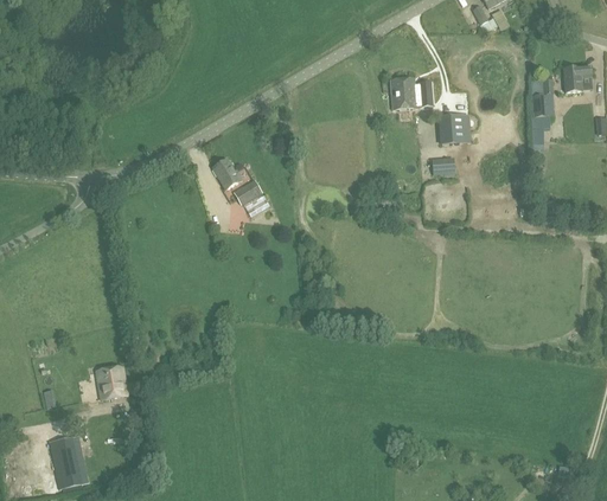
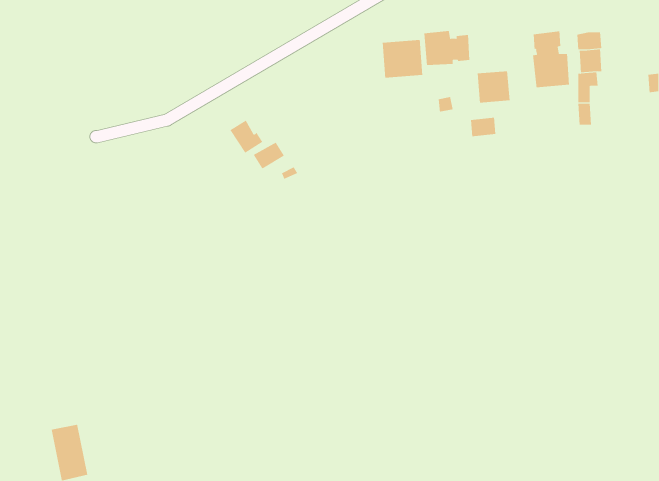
building: [562,66,590,91] -> none
building: none -> [532,31,569,88]
building: none -> [382,39,423,78]
building: [95,366,127,399] -> none

